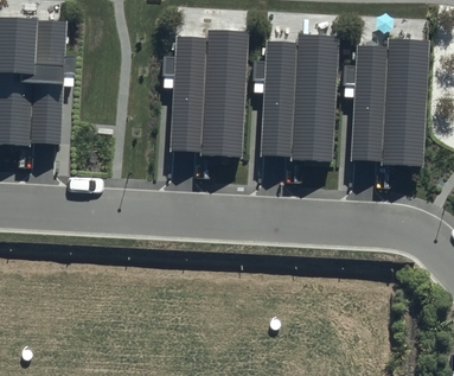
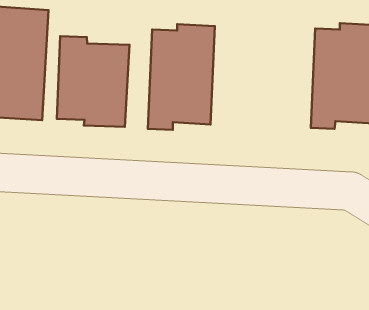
building: [264,37,338,152] -> none
building: none -> [57,36,129,127]

